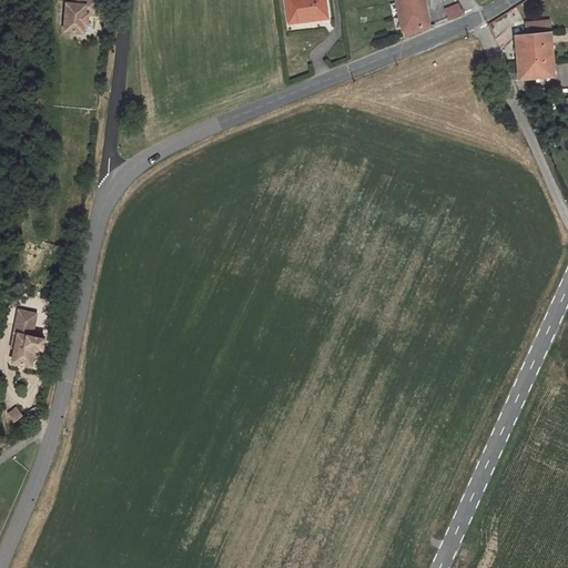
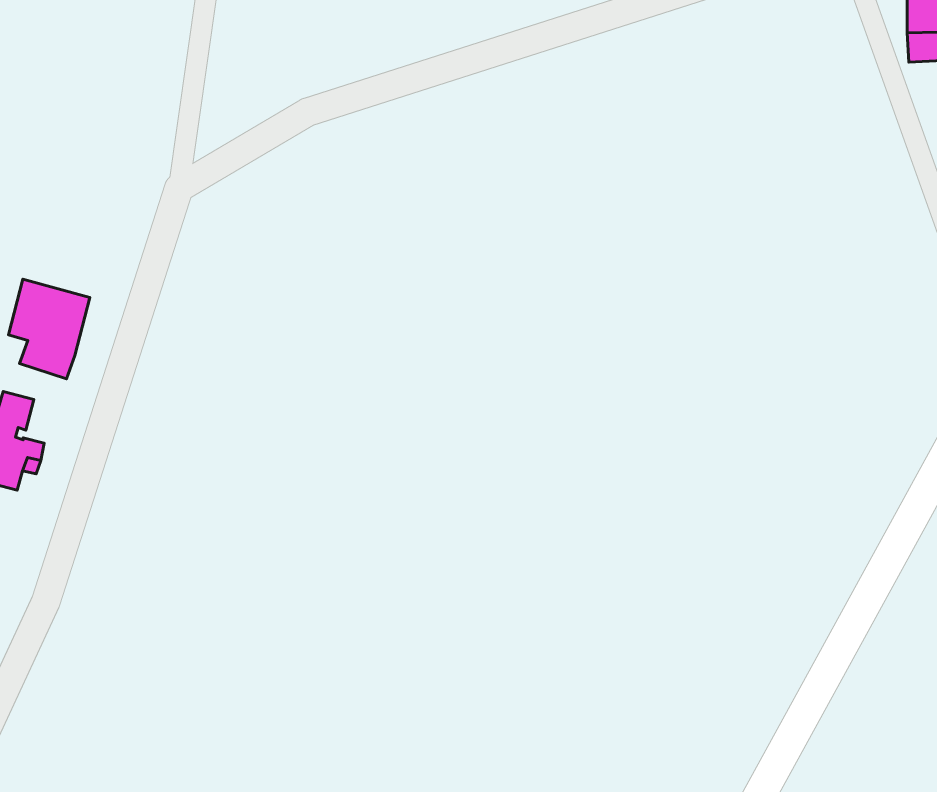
building: none -> [9,279,90,379]

